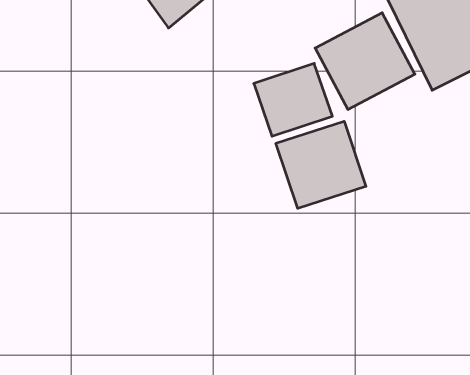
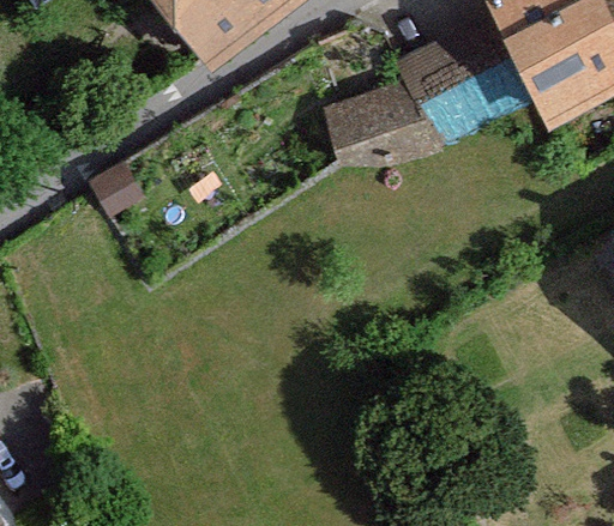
building: [276,121,366,208] -> none

